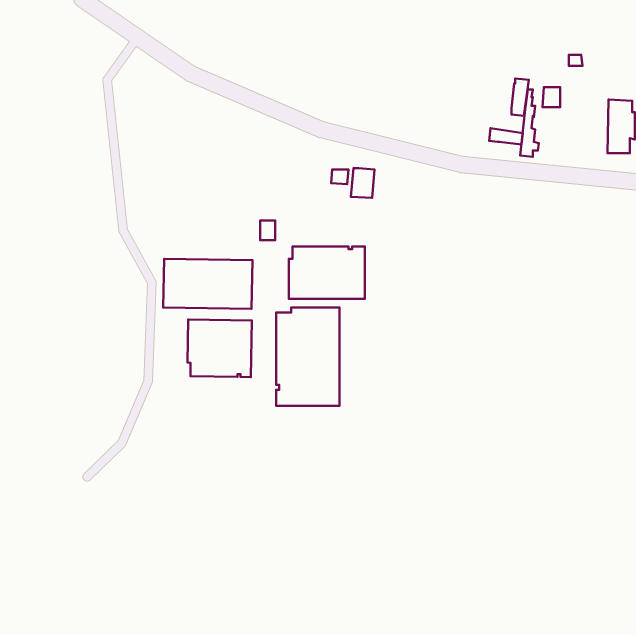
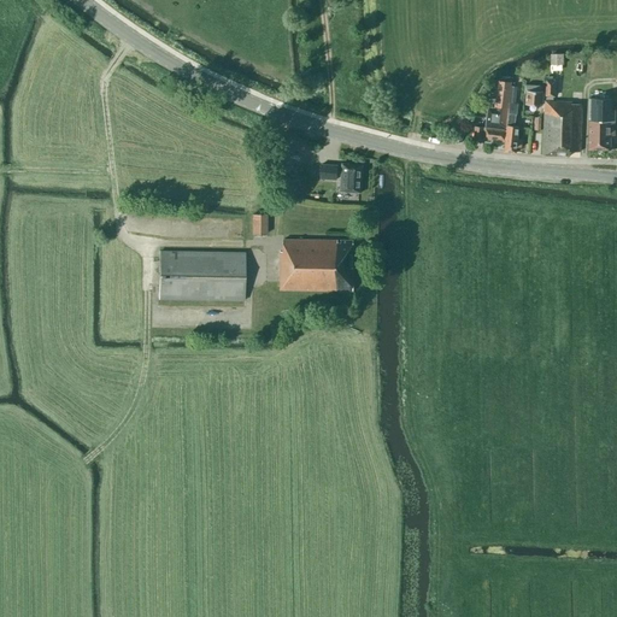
building: none -> [543,100,582,154]
building: [276,308,339,406] -> none
building: [188,320,252,377] -> none

